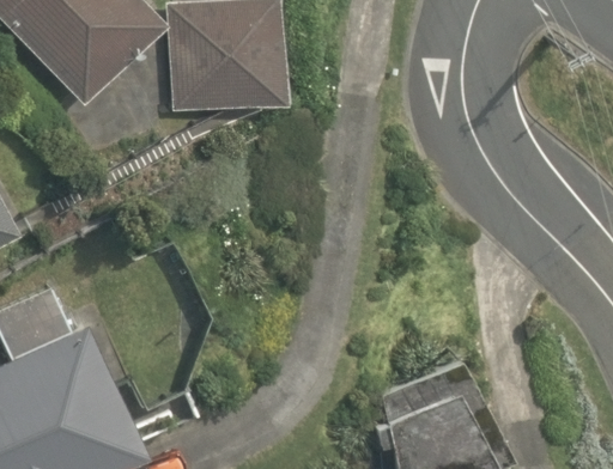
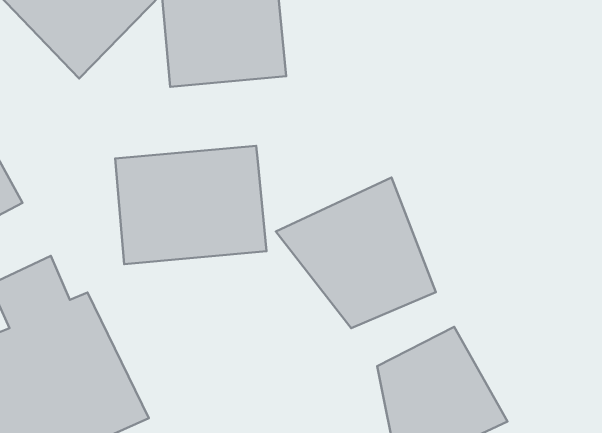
building: none -> [115,146,267,264]
building: none -> [276,177,436,328]

